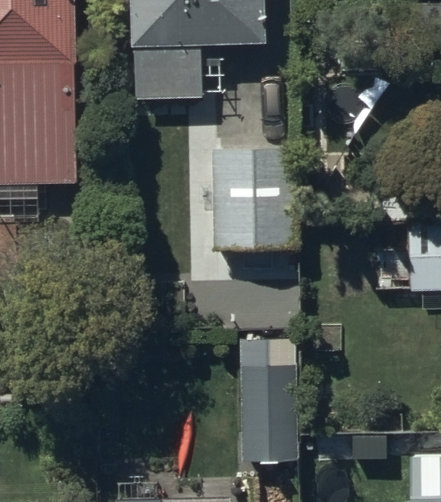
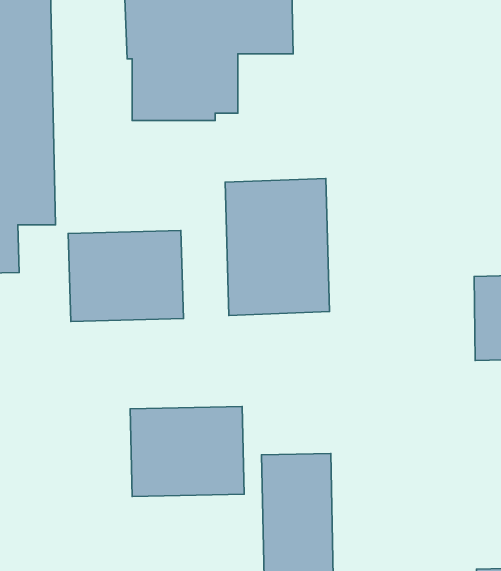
building: none -> [68,230,184,322]
building: none -> [130,407,244,496]

